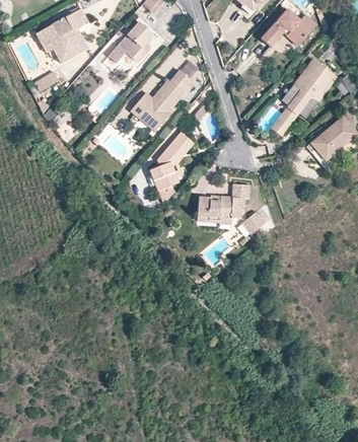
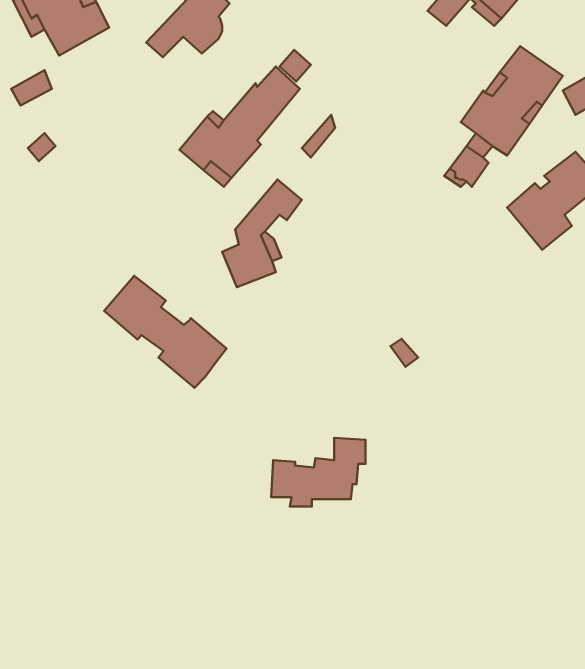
building: none -> [104,276,227,388]
building: [197,183,248,221] -> [271,438,366,506]

